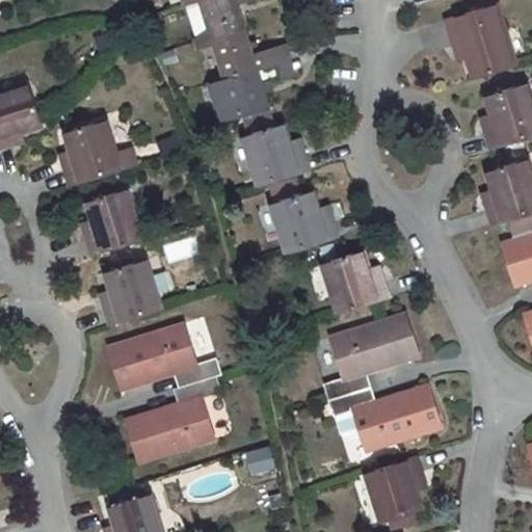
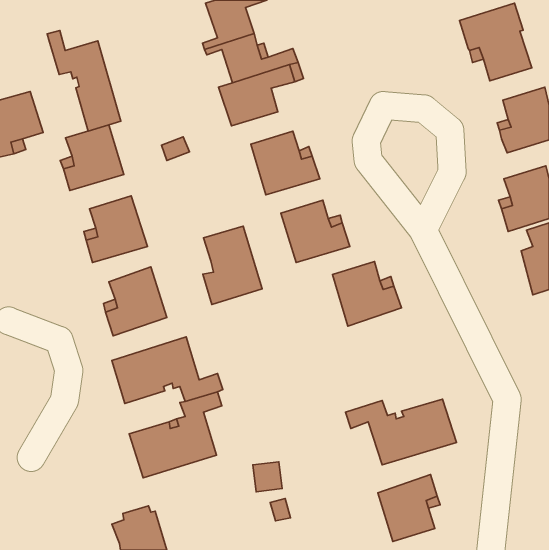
building: none -> [47,31,121,131]
building: none -> [203,226,262,304]
building: [329,314,418,398] -> none

